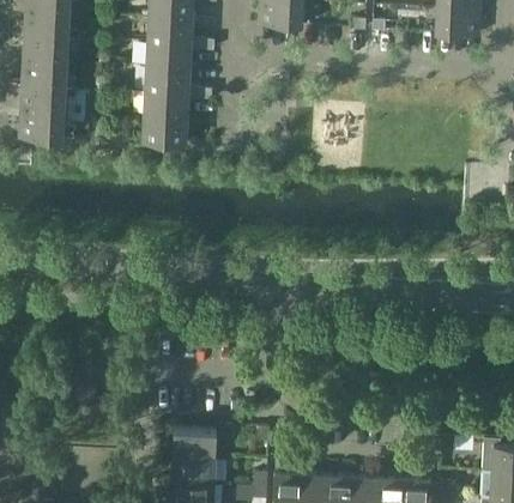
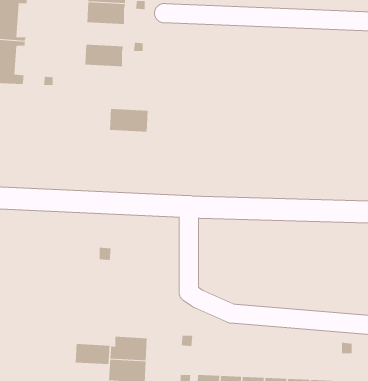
building: [145,63,191,91] -> none
building: [143,113,188,140] -> [109,109,148,132]
building: none -> [75,343,110,365]

